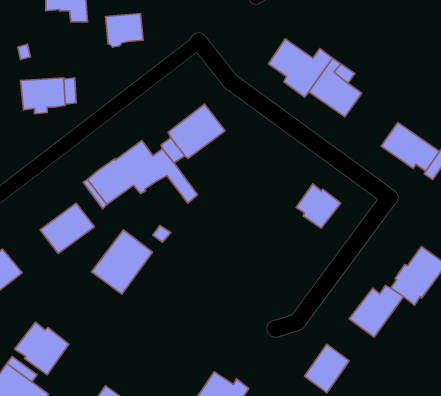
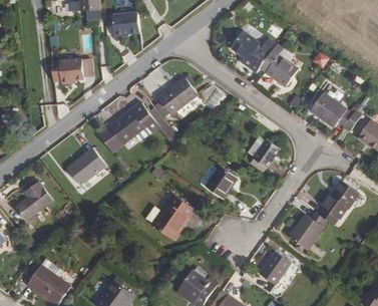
building: none -> [206,165,238,199]
building: [91,230,153,294] -> [150,194,195,240]
building: [15,322,69,375] -> none

